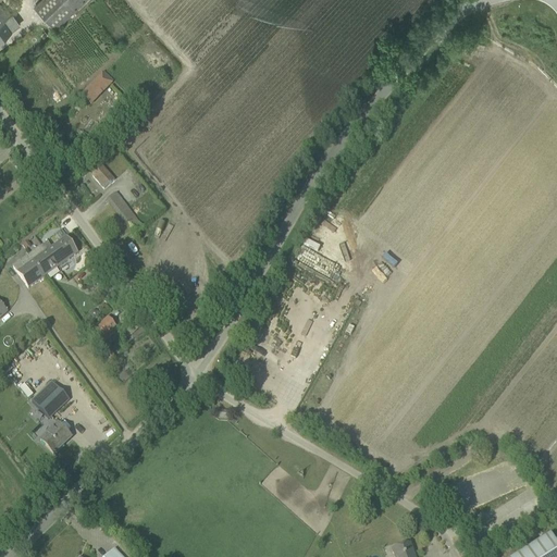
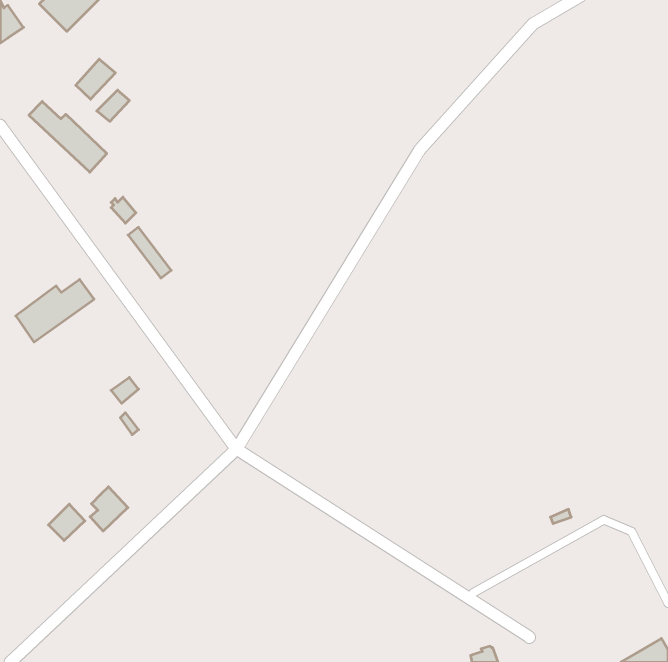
building: none -> [76,59,115,99]
building: none -> [29,101,107,172]
building: [37,379,69,416] -> [90,487,128,531]

